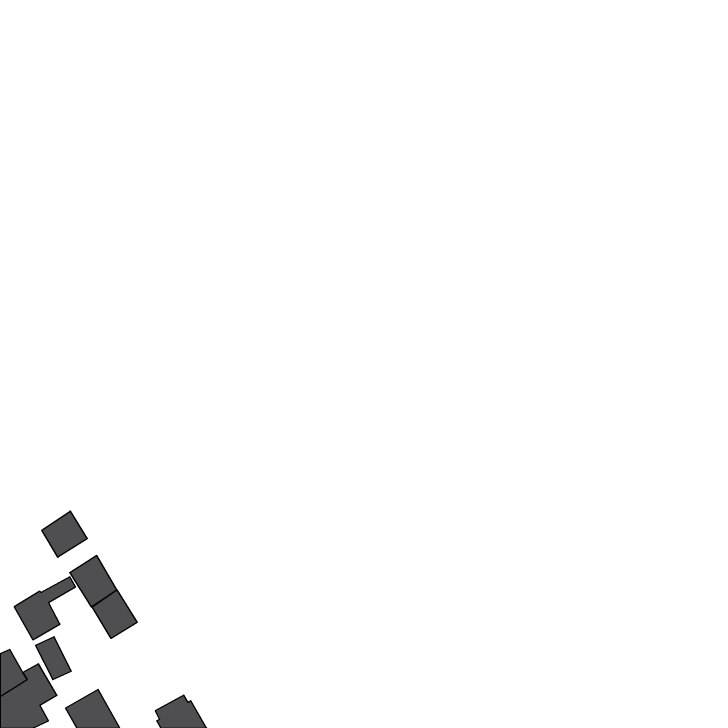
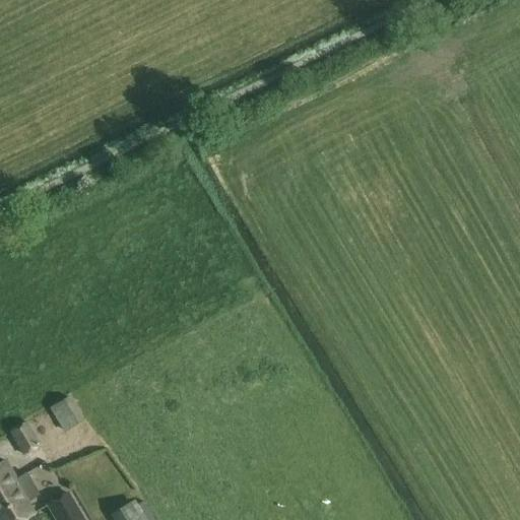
building: [42,511,87,557] -> none
building: [92,590,137,638] -> none

